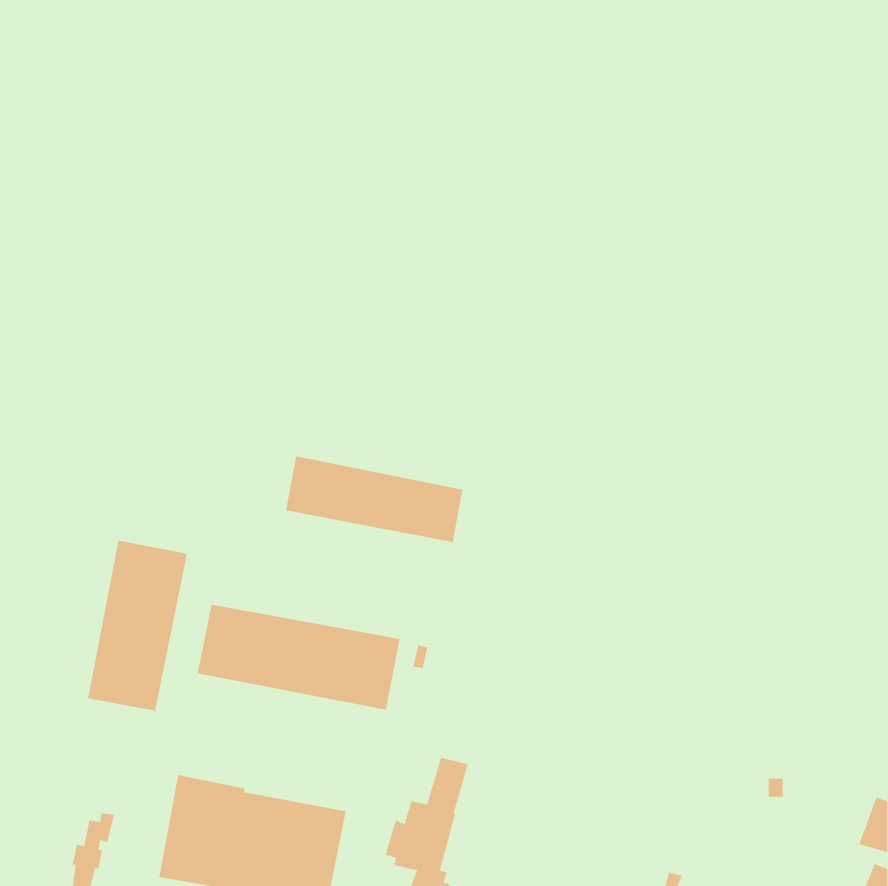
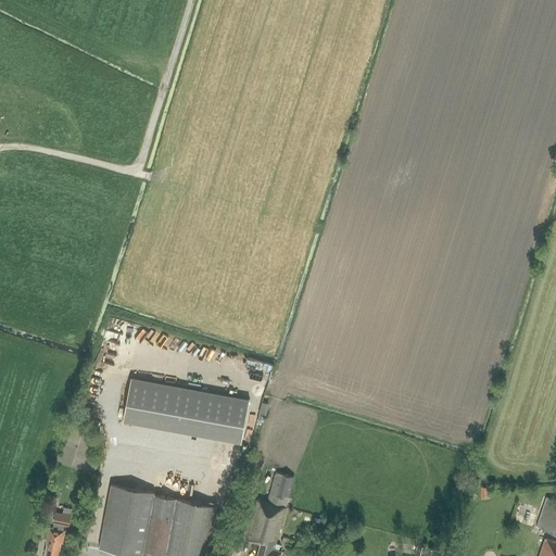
building: [286,456,463,543] -> none
building: [88,540,188,711] -> none

